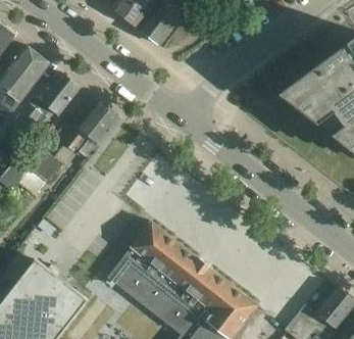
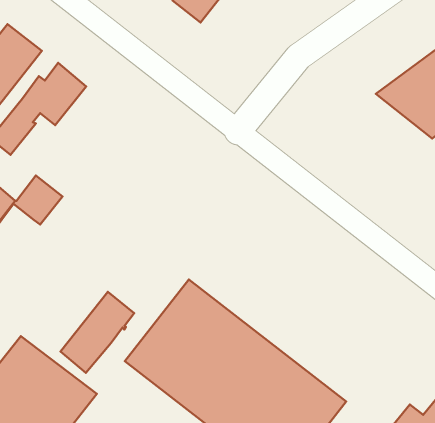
building: [63,101,119,158] -> none
building: none -> [60,292,134,373]

